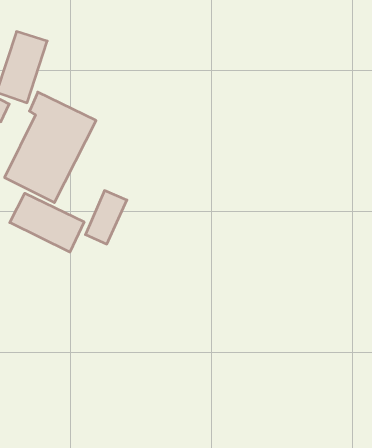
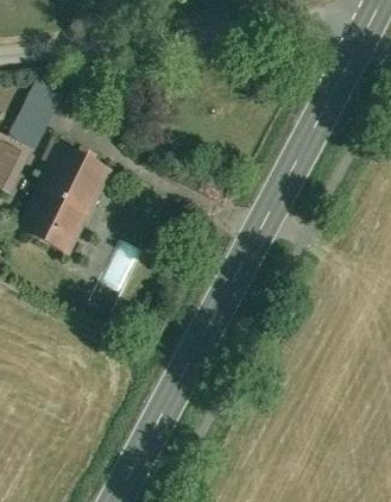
building: [10,193,84,252] -> none

